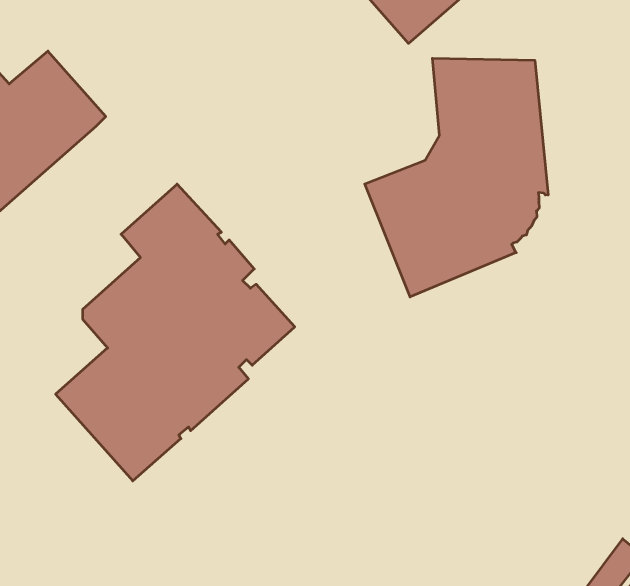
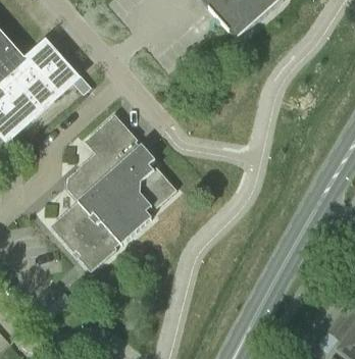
building: [365,58,548,297] -> none

